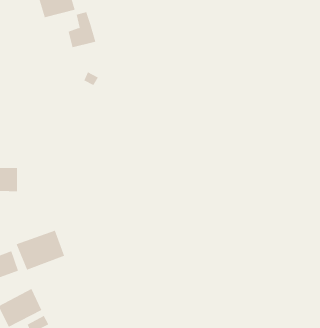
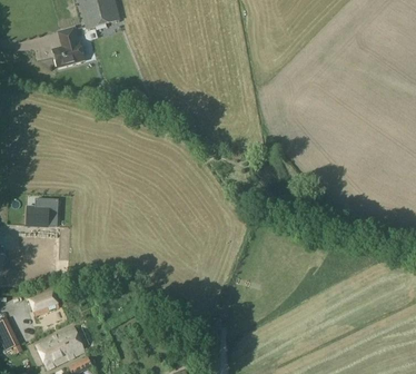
building: [68,11,96,48] -> [52,26,83,66]
building: [16,230,65,270] -> none

